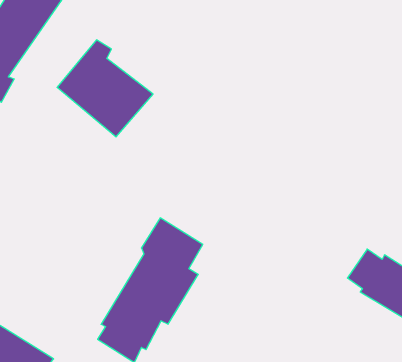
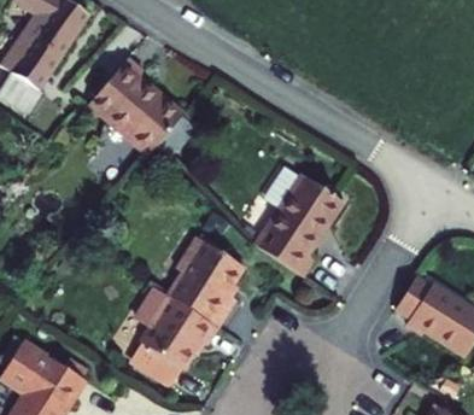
building: none -> [248,173,337,273]

